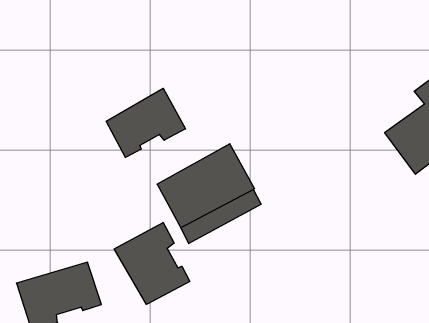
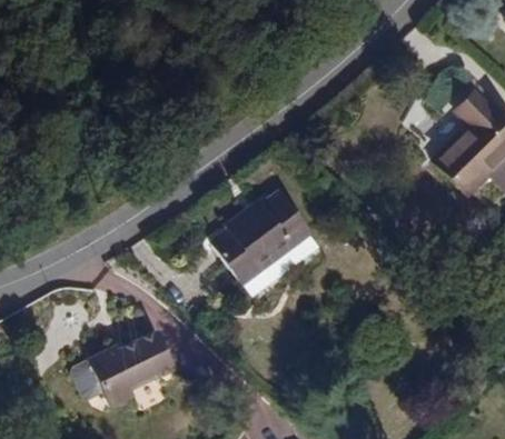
building: [106,88,186,157] -> none
building: [114,222,190,304] -> none

